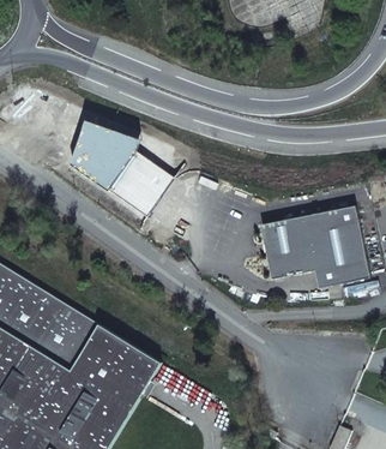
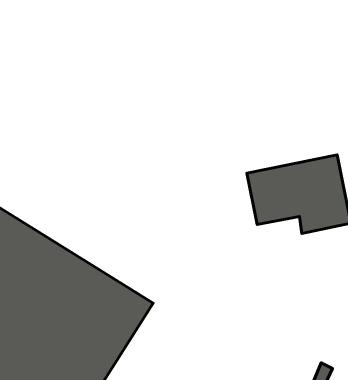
building: [68,120,171,216] -> none

